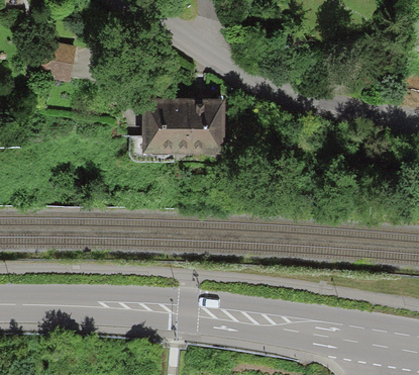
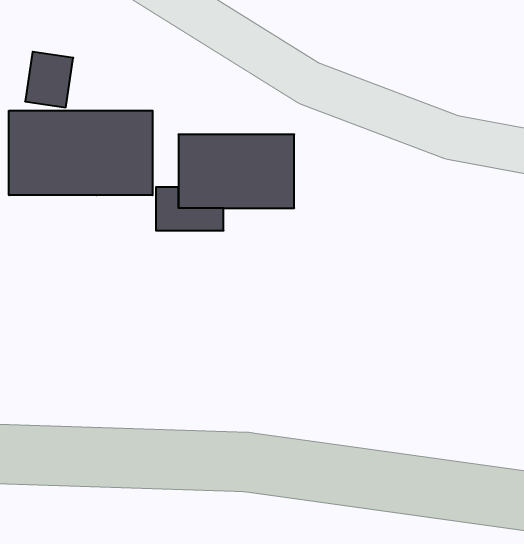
building: none -> [9,111,153,195]

